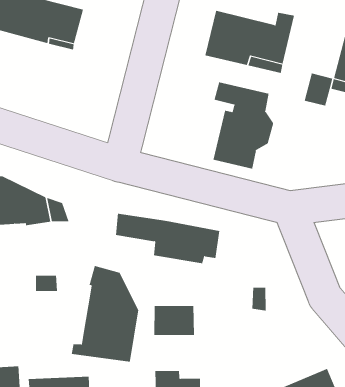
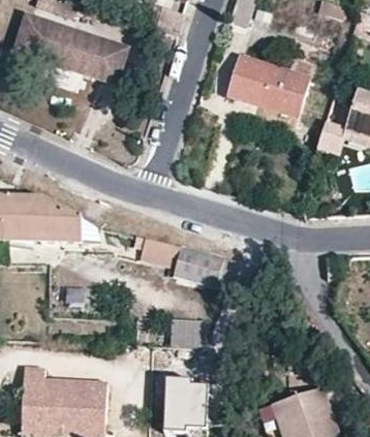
building: [213,81,274,169] -> none
building: [71,265,139,362] -> none

